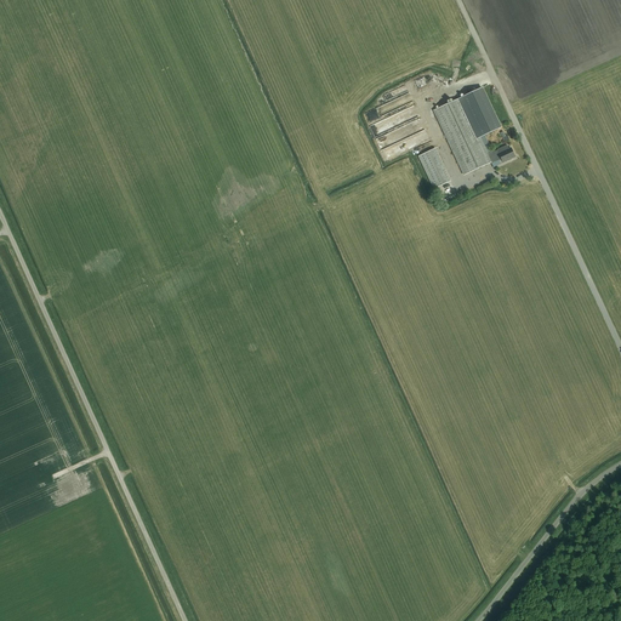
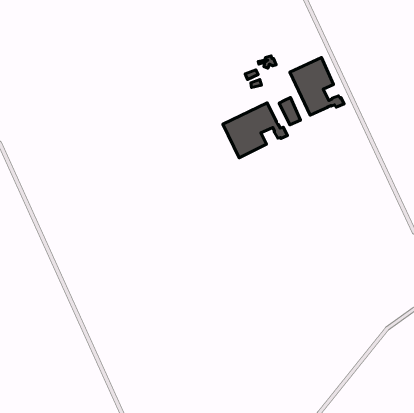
building: none -> [223,103,288,158]

